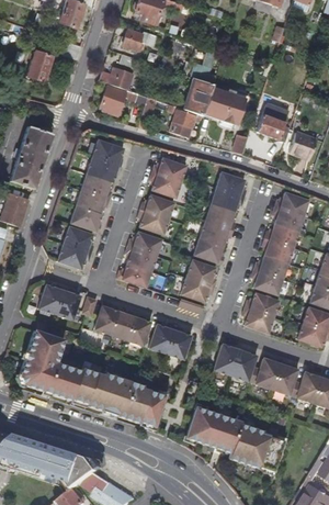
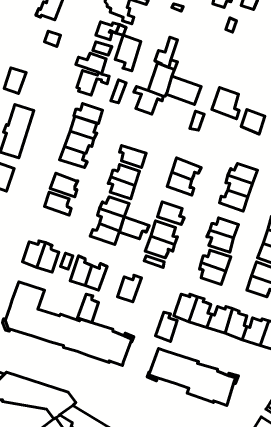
building: none -> [115,35,141,71]
building: [27,50,53,80] -> [4,68,26,93]
building: [152,158,185,181] -> [74,103,102,123]
building: [216,171,247,198] -> none
building: [77,189,110,213] -> none
building: [200,220,234,245] -> [120,217,149,239]
building: [262,238,293,263] -> none
building: [57,243,92,268] -> none
building: [126,312,150,345] -> [77,294,98,323]
building: [166,325,191,359] -> [155,312,177,342]

